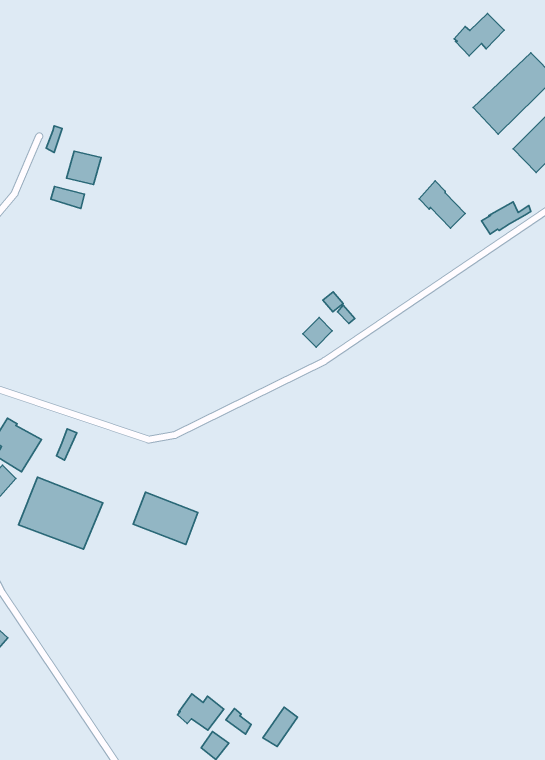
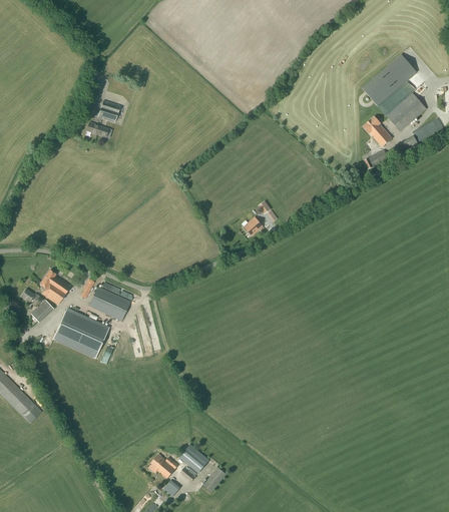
building: [454,13,504,56] -> none
building: [419,181,465,228] -> [363,115,392,146]
building: [133,492,198,544] -> [88,286,130,321]
building: none -> [179,444,208,473]

